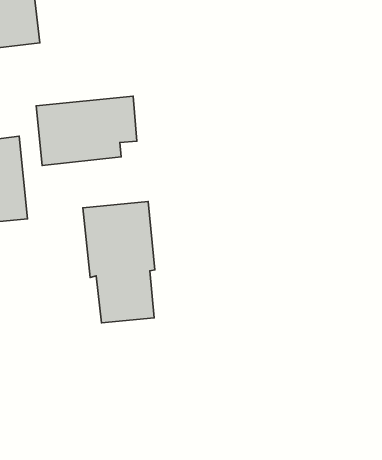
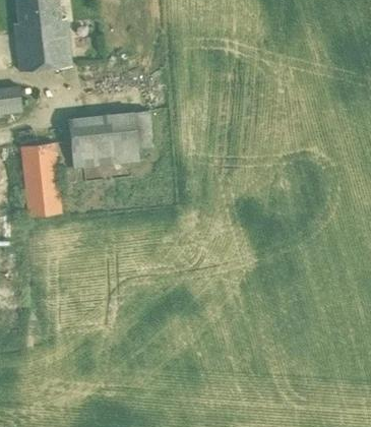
building: [83,202,155,323] -> none

